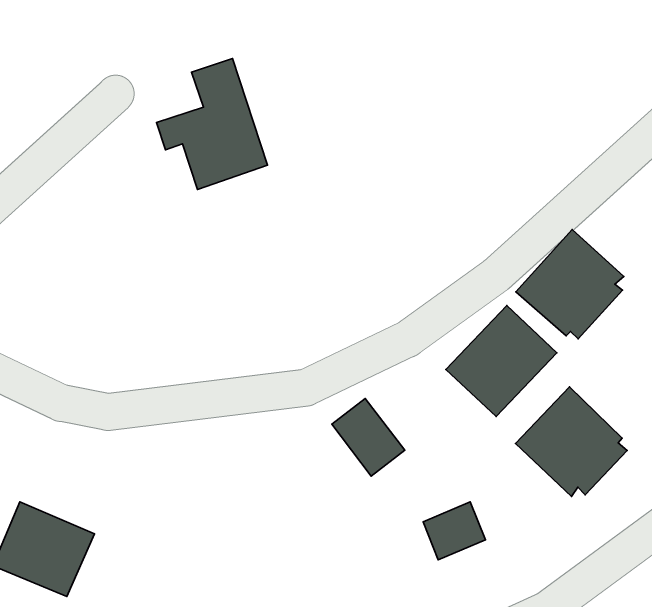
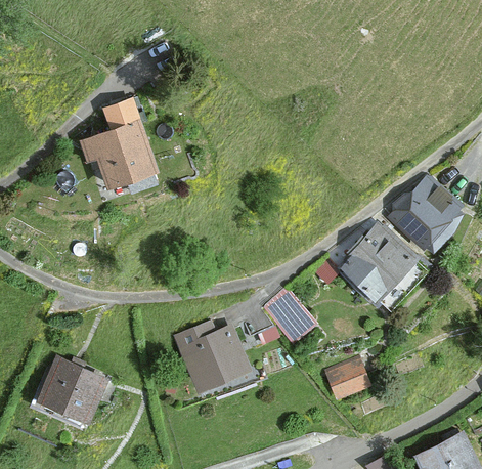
building: [156,58,268,189] -> [80,99,155,187]
building: [516,387,627,496] -> none
building: none -> [175,322,248,389]

